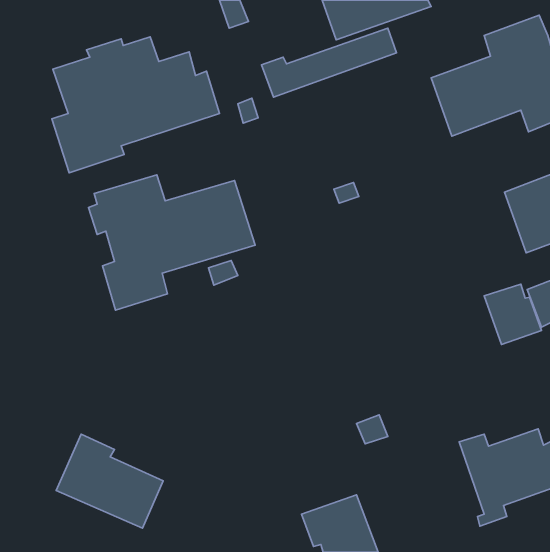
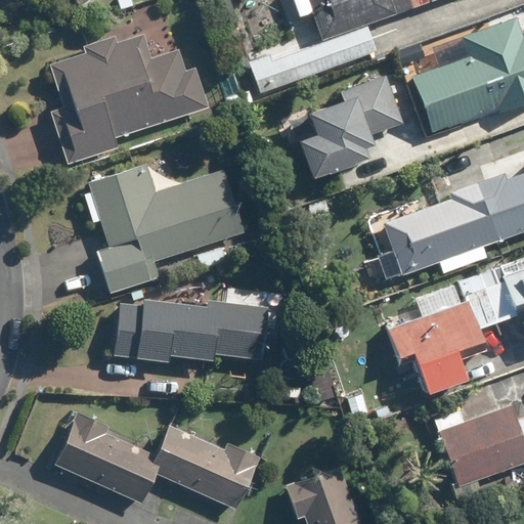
building: none -> [292,76,399,175]
building: none -> [384,182,499,272]
building: none -> [115,290,267,362]
building: none -> [387,298,483,388]
building: none -> [137,427,260,510]

